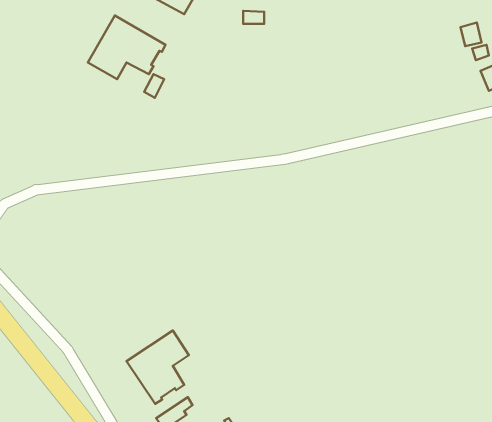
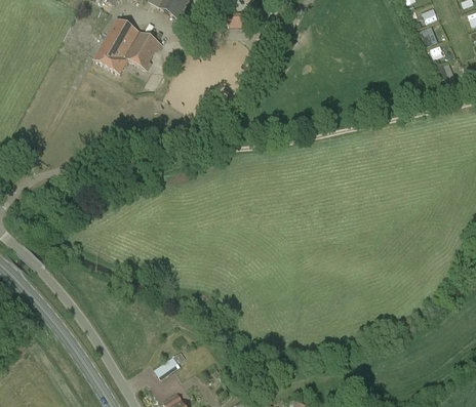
building: [127,330,189,404] -> none

